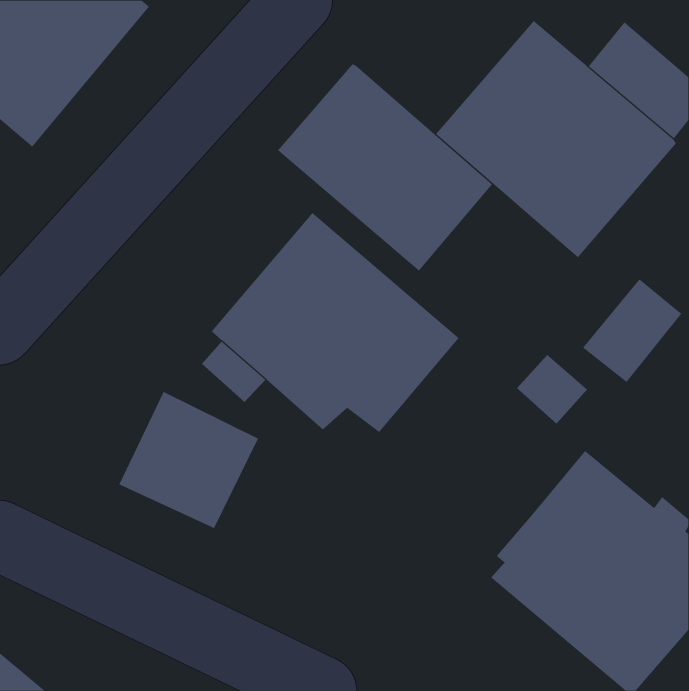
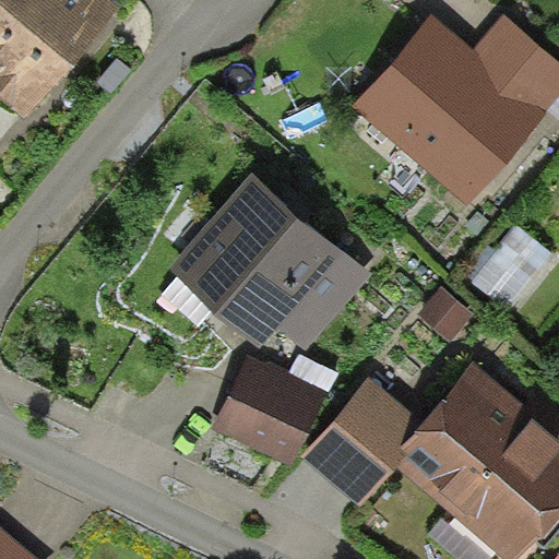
building: [277,63,493,271] -> none
building: [118,391,259,529] -> [213,353,326,464]
building: none -> [302,370,429,507]

